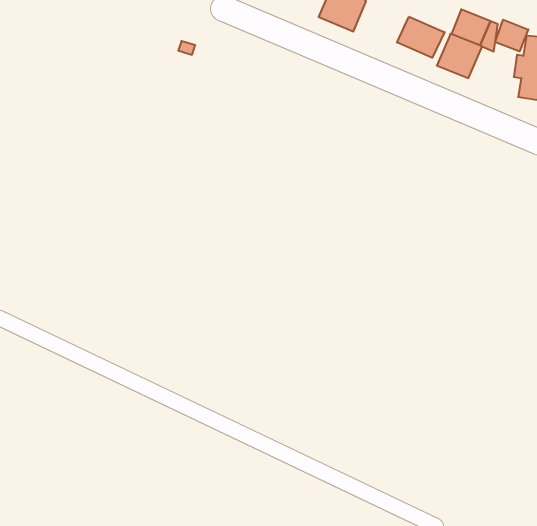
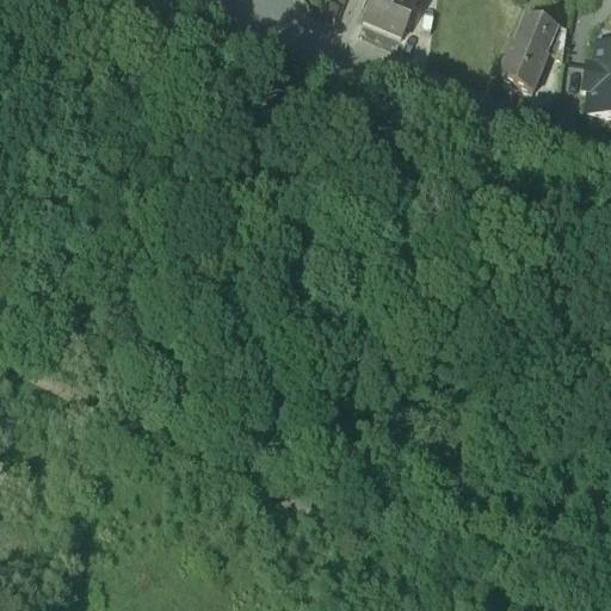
building: [397,17,445,58] -> none
building: [495,20,528,51] -> none

